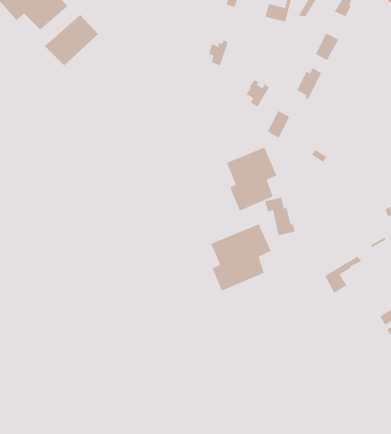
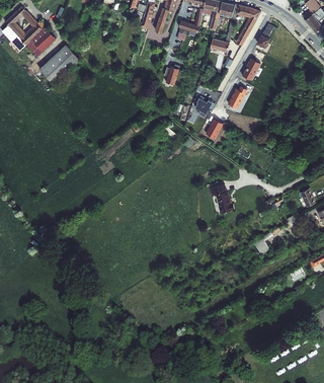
building: [226,147,277,212] -> none
building: [210,224,271,292] -> none

